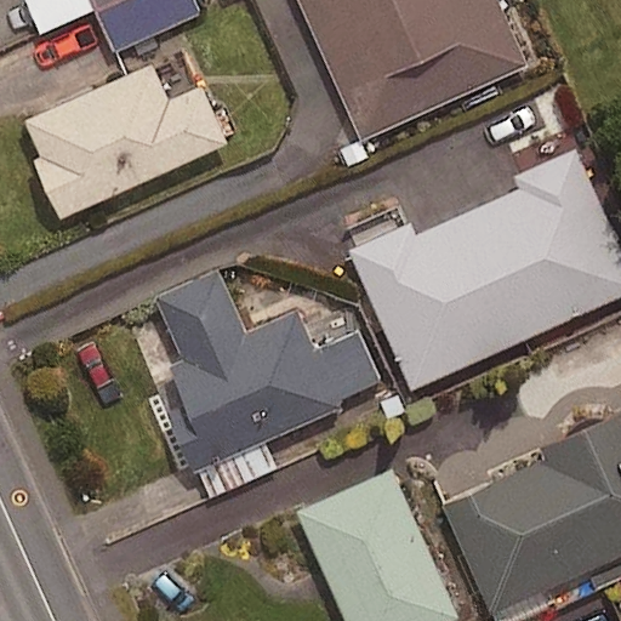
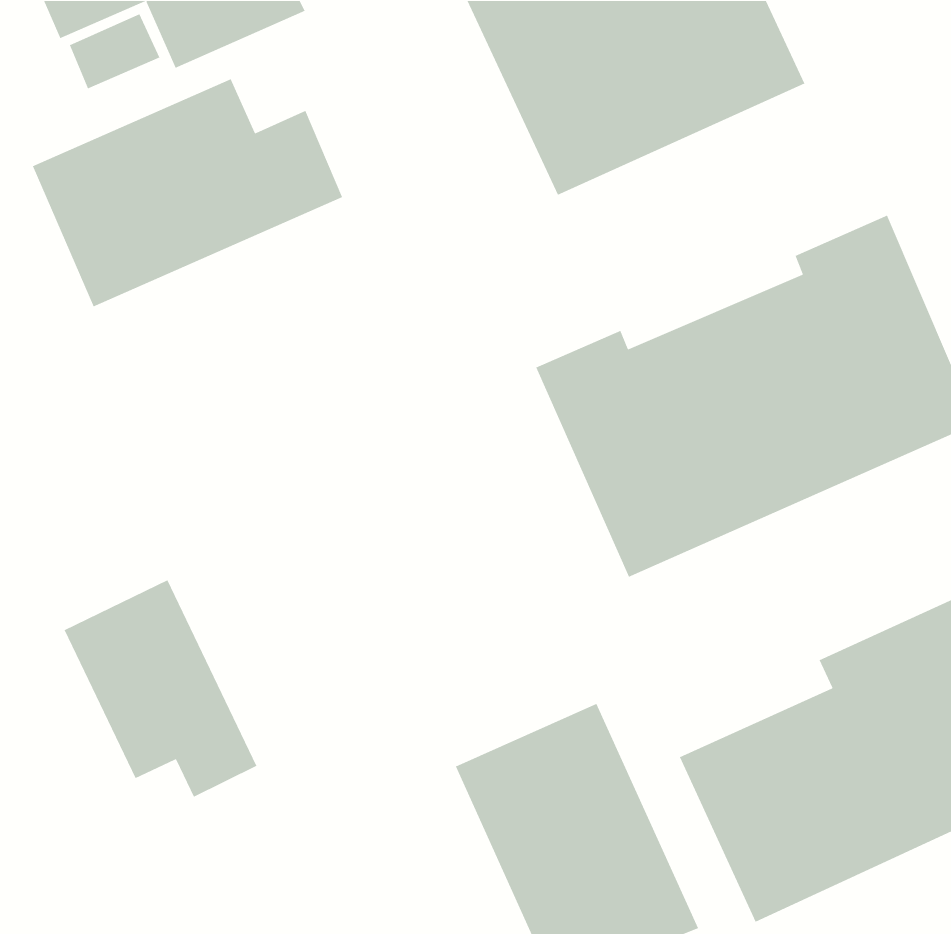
building: [147,272,383,502] -> none
building: none -> [64,579,258,798]

